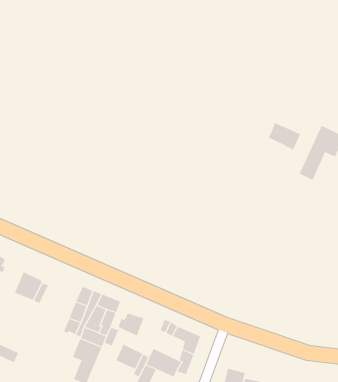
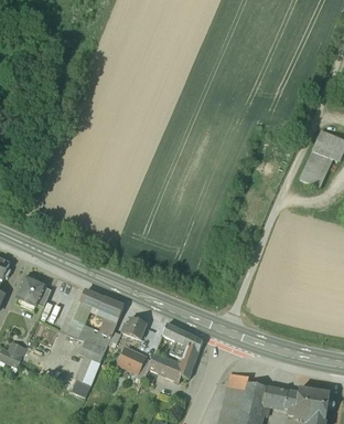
building: [268,122,301,150] -> none

